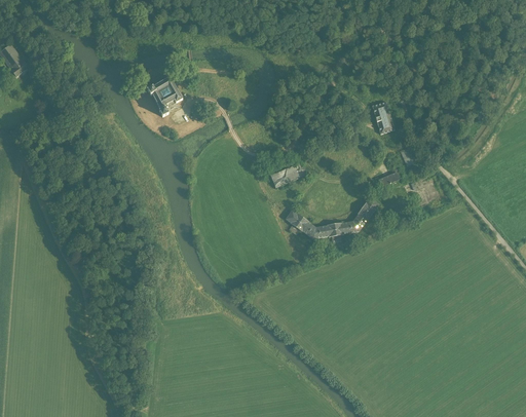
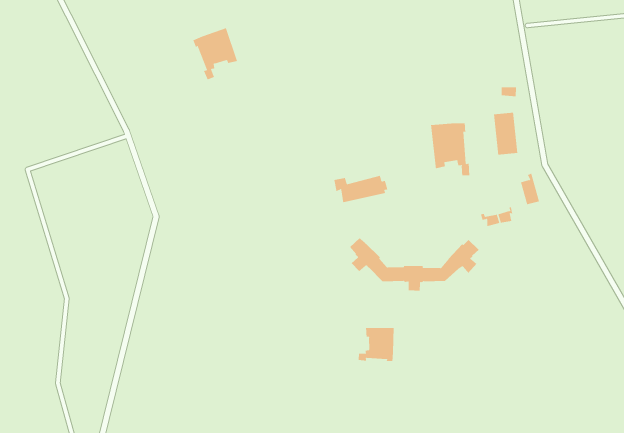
building: none -> [431,122,470,176]
building: none -> [358,327,394,362]

